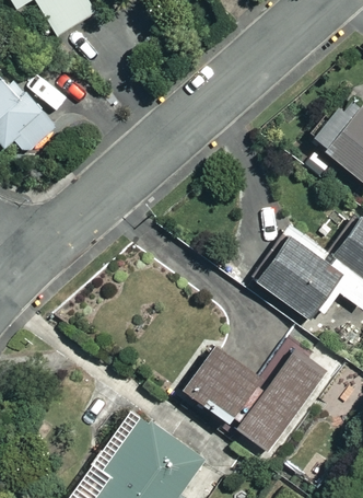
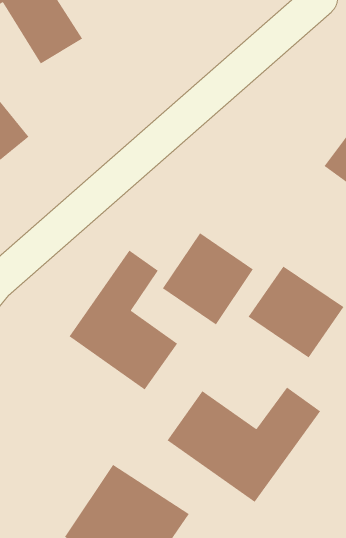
building: none -> [162,232,254,325]
building: none -> [69,250,178,390]

